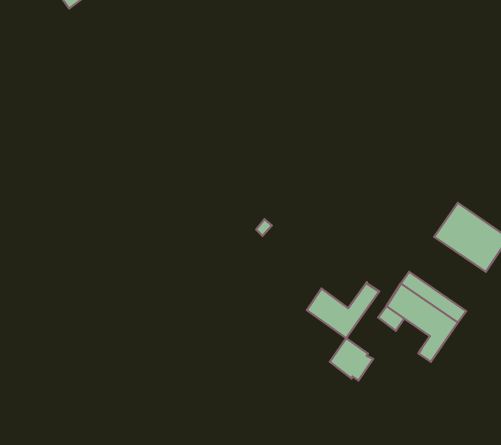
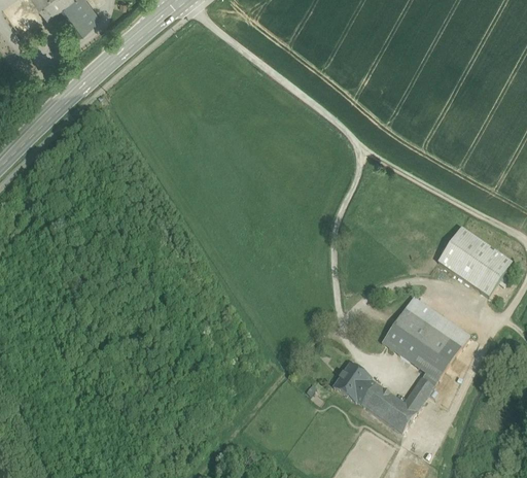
building: [307,282,379,338] -> [362,377,434,433]
building: none -> [399,343,433,373]

